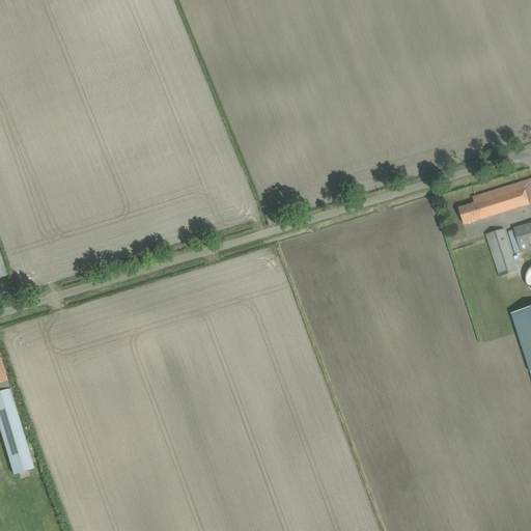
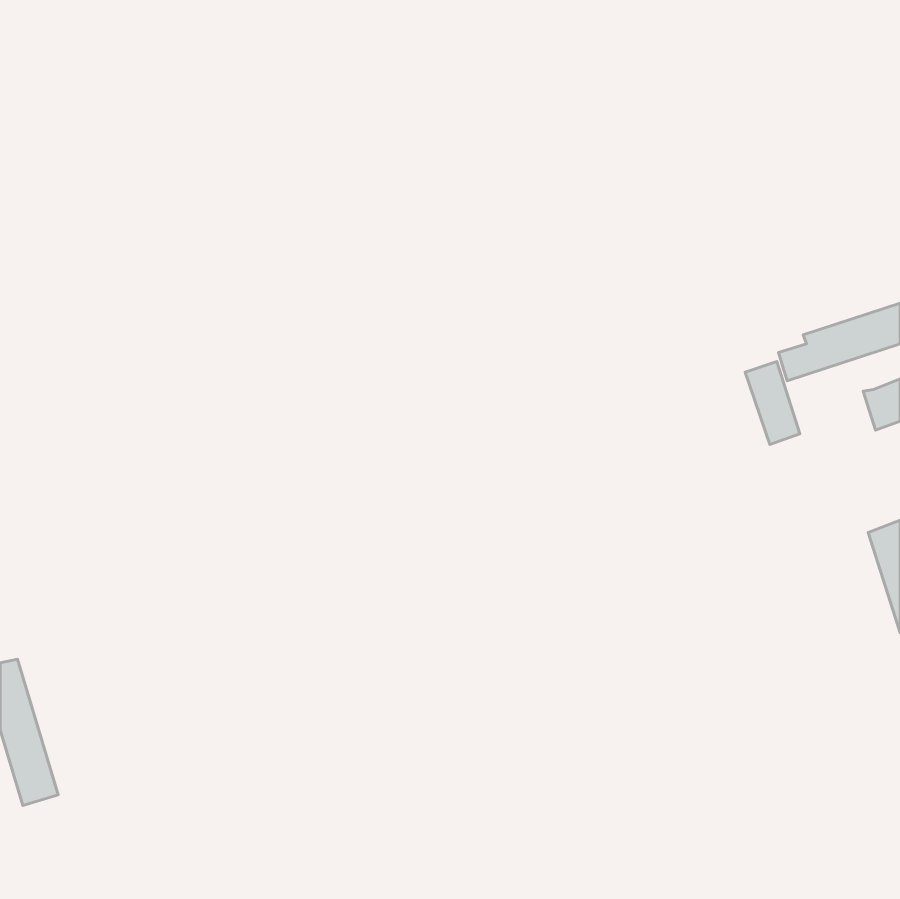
building: [485,227,518,276] -> [745,362,800,444]

